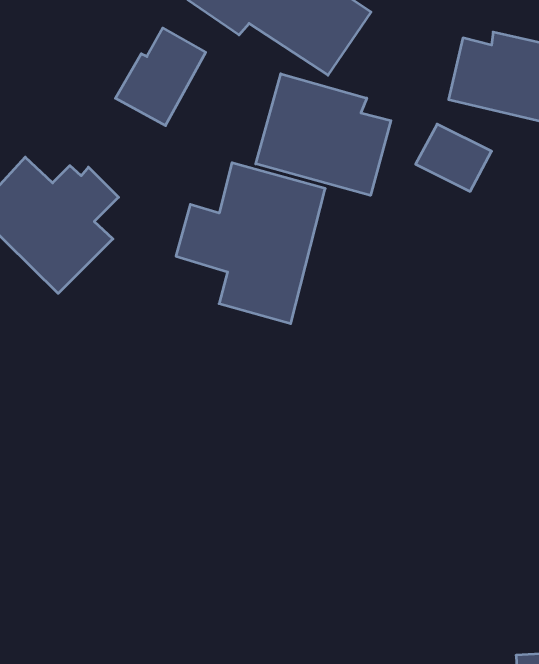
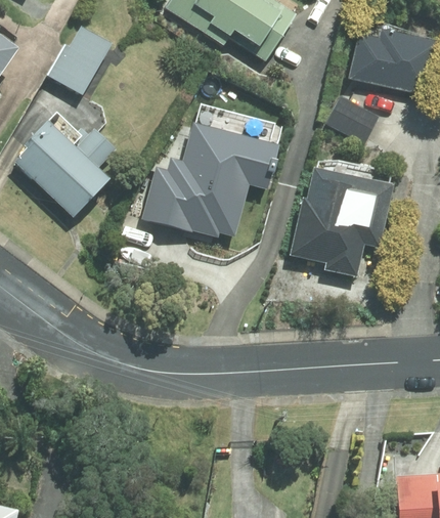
building: [115,28,206,126] -> [45,24,109,93]
building: [256,74,391,195] -> none
building: none -> [290,169,393,277]

